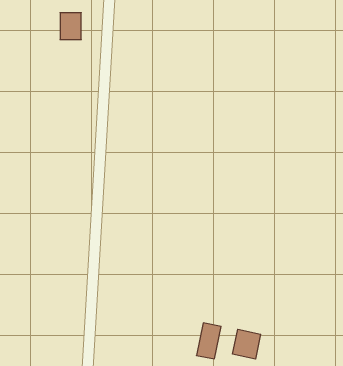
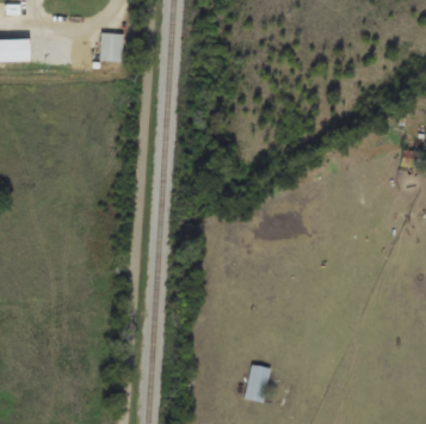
building: [233,329,261,359] -> none

